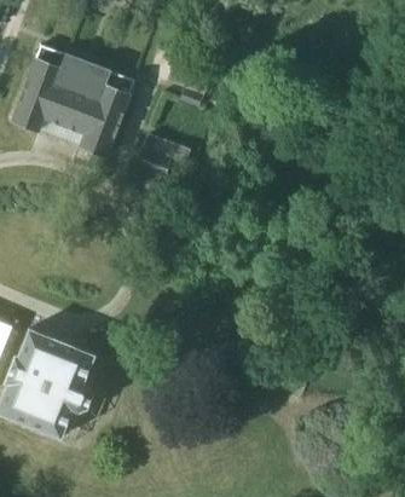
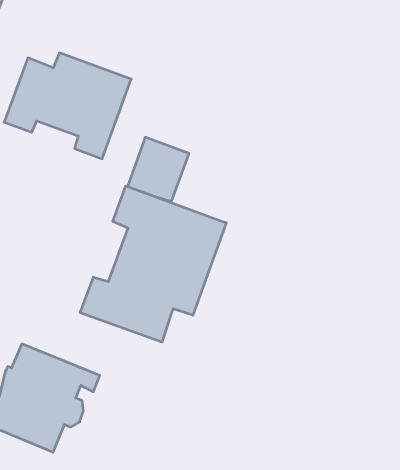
building: none -> [80,186,226,342]

